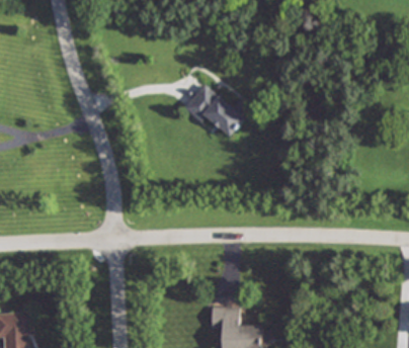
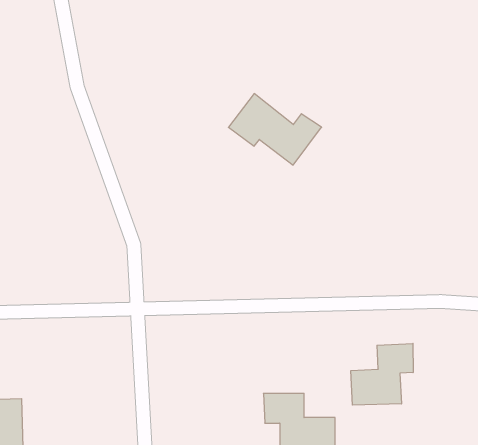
building: none -> [351,343,413,405]

